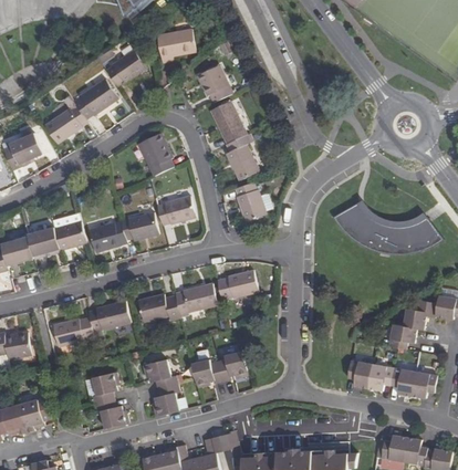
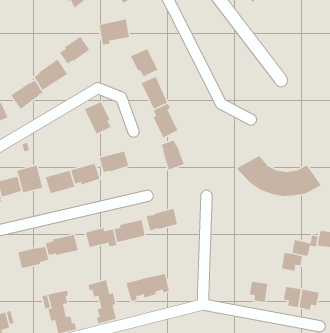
building: [368,365,394,391] -> none

